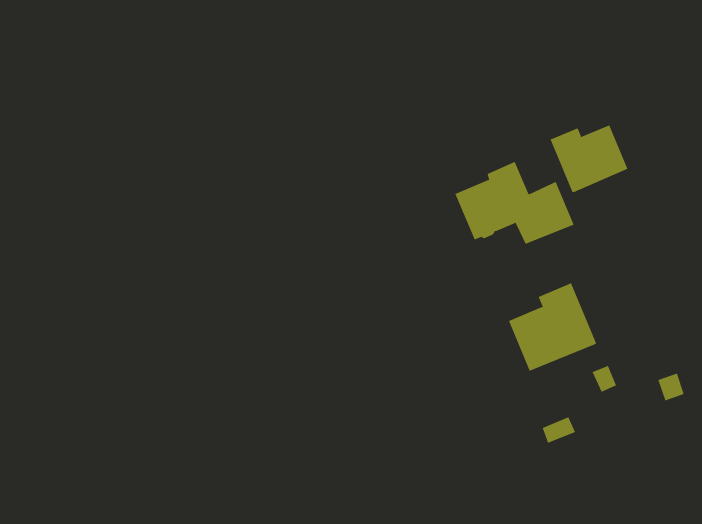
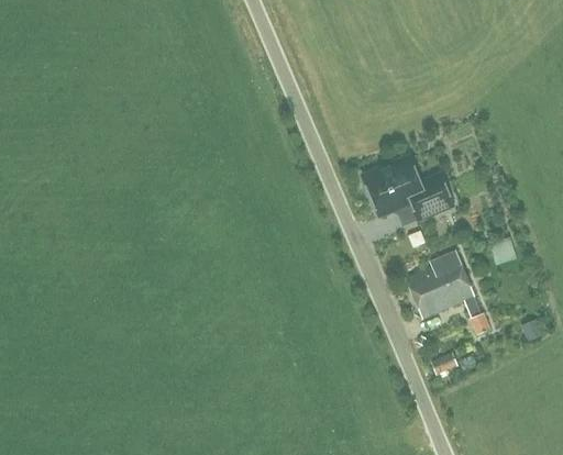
building: [550,124,628,193] -> none

